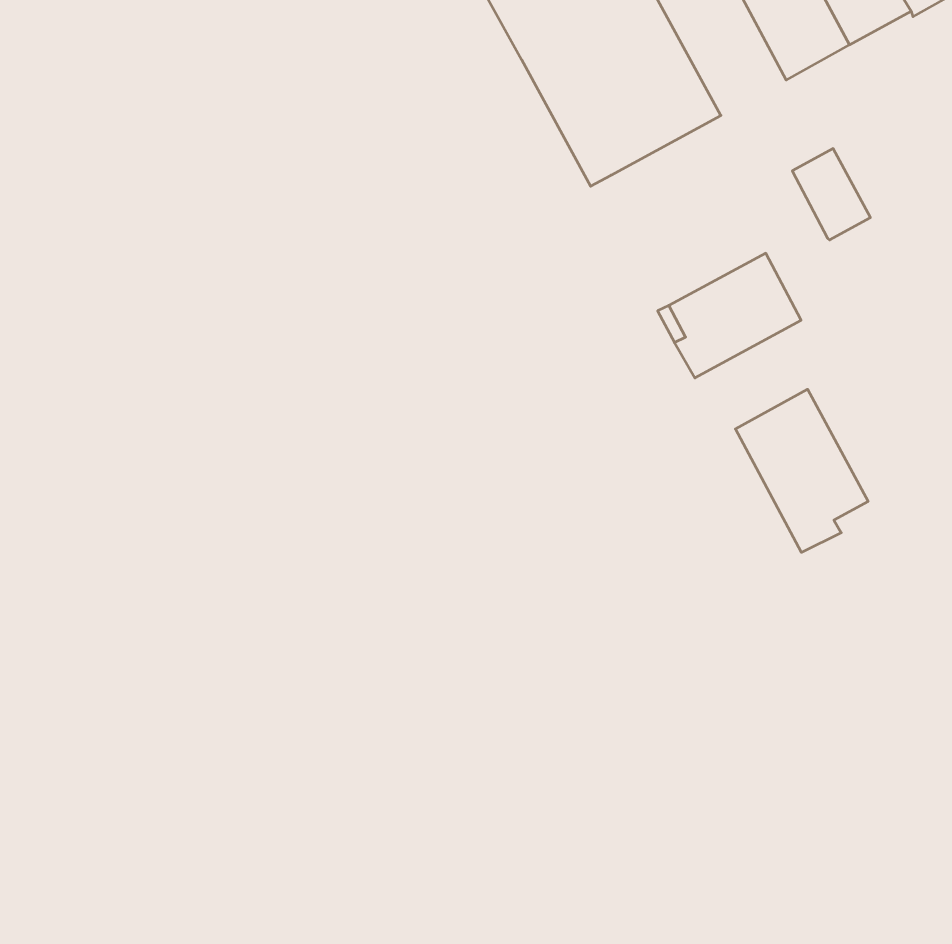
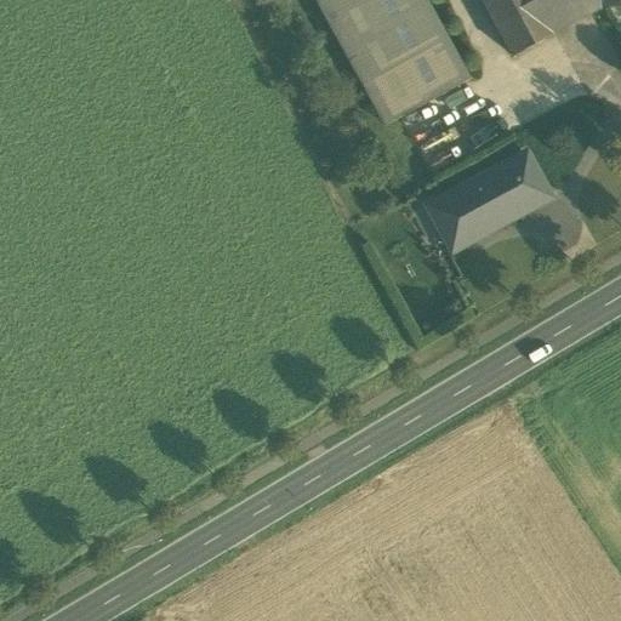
building: [792,149,870,240] -> [498,150,549,210]
building: [735,389,868,552] -> none

